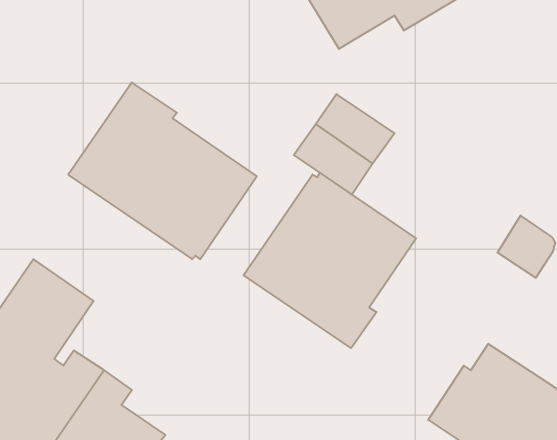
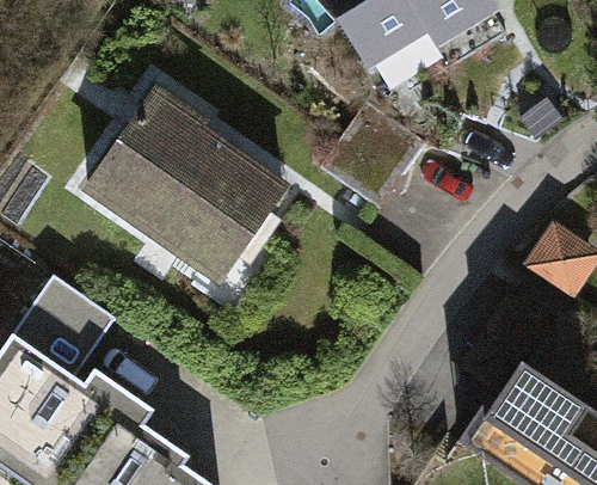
building: [244,173,416,348] -> none

